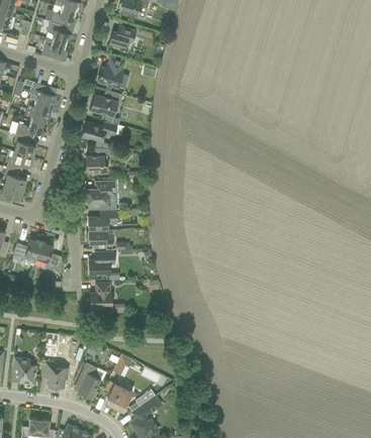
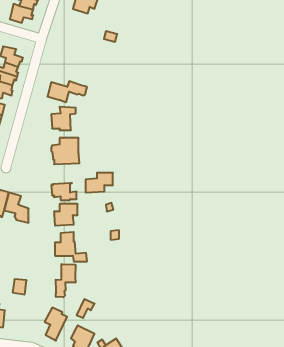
building: [98,58,129,89] -> none
building: [89,89,120,117] -> none
building: [88,209,117,230] -> [86,173,113,193]
building: none -> [56,264,75,297]
building: [41,360,69,388] -> none

